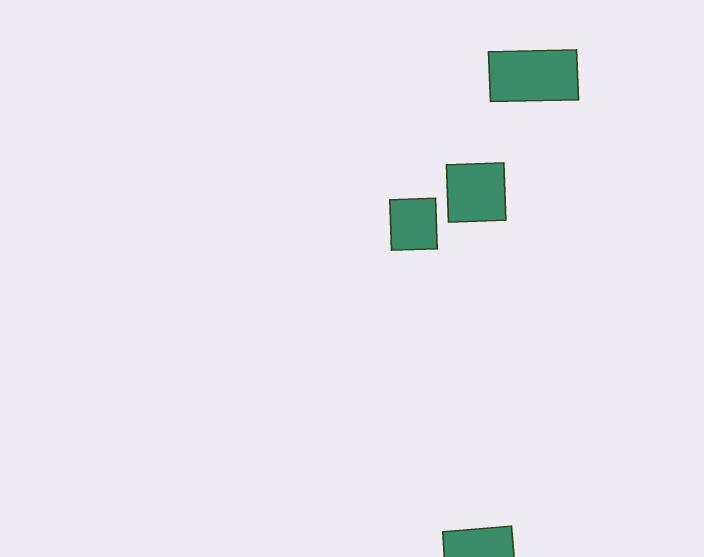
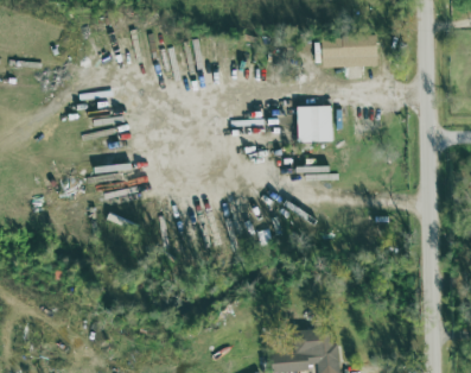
building: [390,198,437,250] -> none

